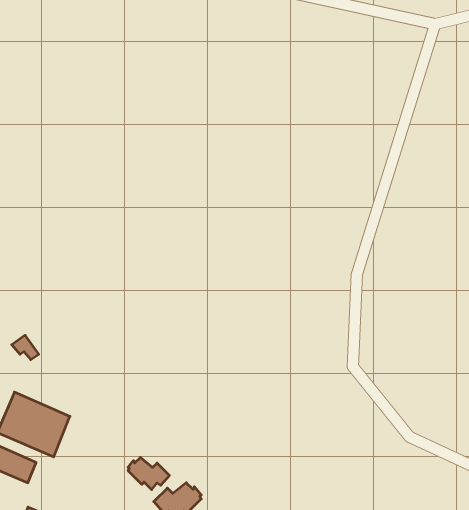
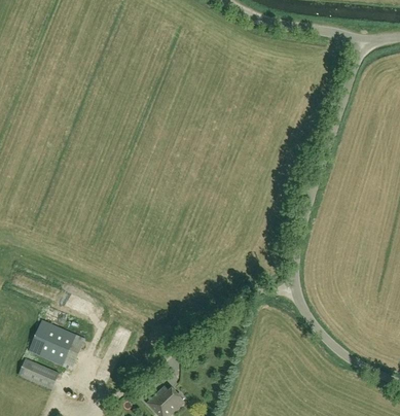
building: [128,457,169,490] -> none

